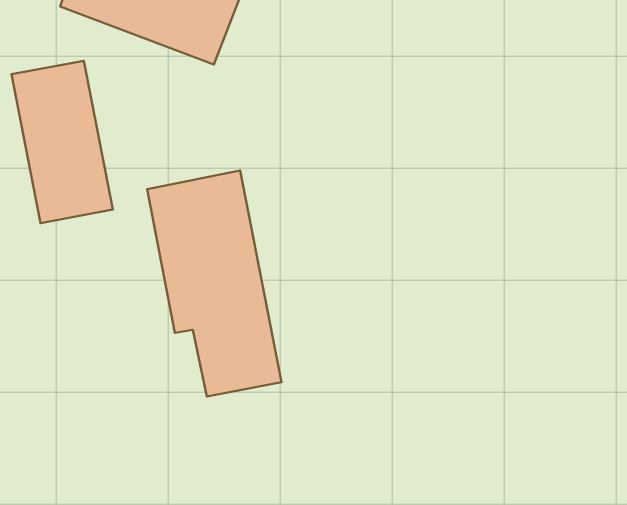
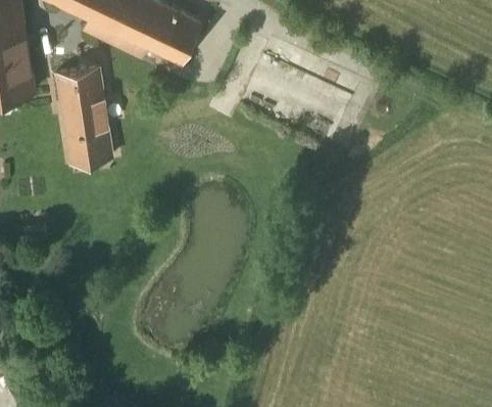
building: [147,171,281,397] -> none

